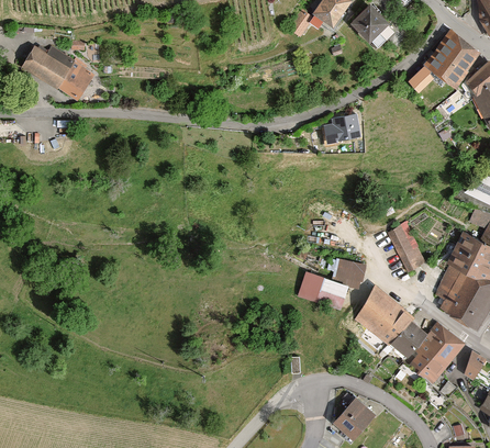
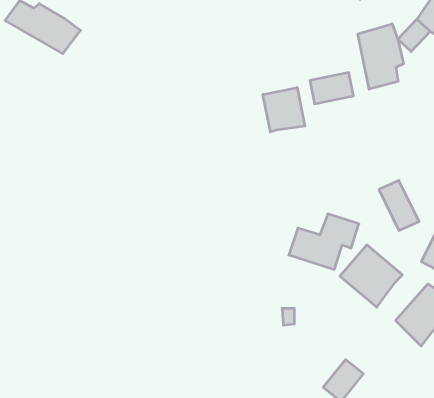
building: none -> [358,24,403,89]
building: none -> [263,87,305,132]
building: [387,322,424,360] -> none

